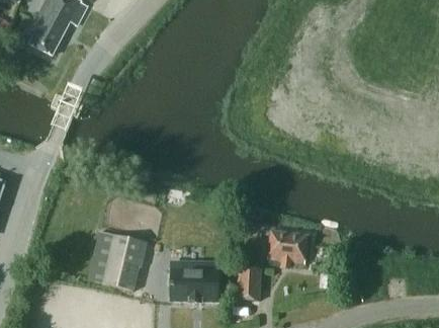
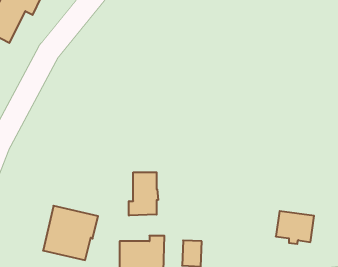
building: none -> [129,172,158,216]
building: [267,229,309,264] -> [276,211,314,244]

